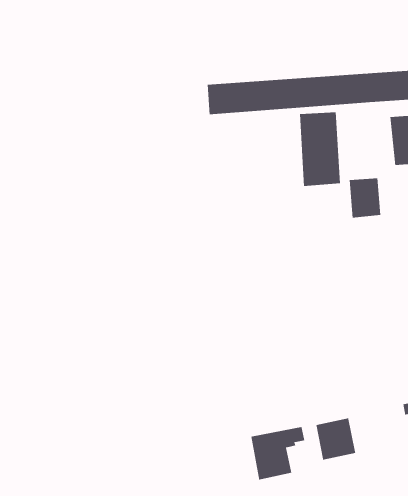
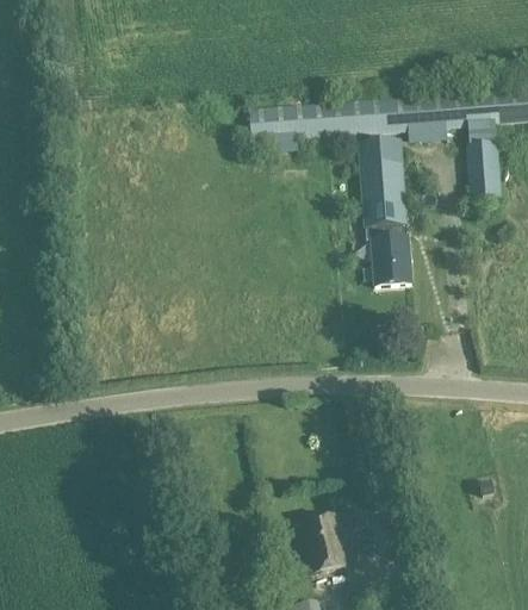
building: [349,178,381,218] -> [372,236,410,284]
building: [316,417,356,461] -> none

